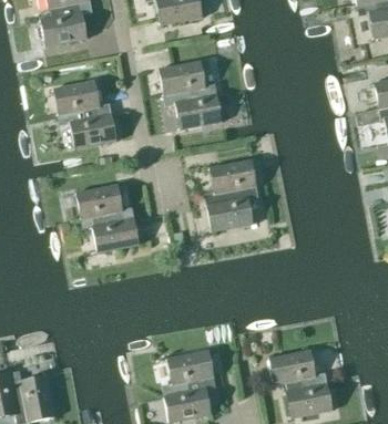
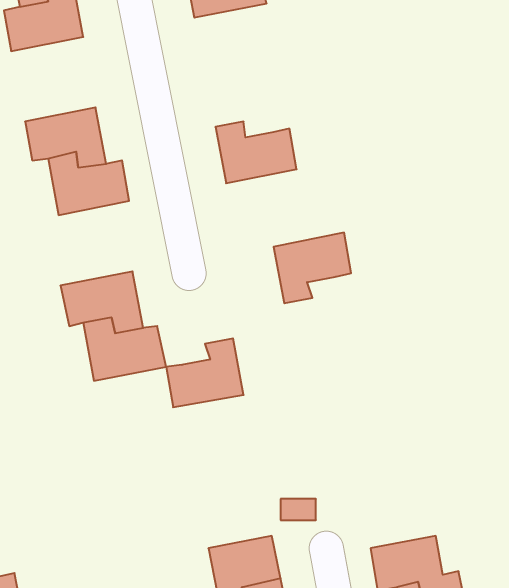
building: [157,61,208,100] -> none
building: [205,187,254,230] -> [166,338,244,407]

